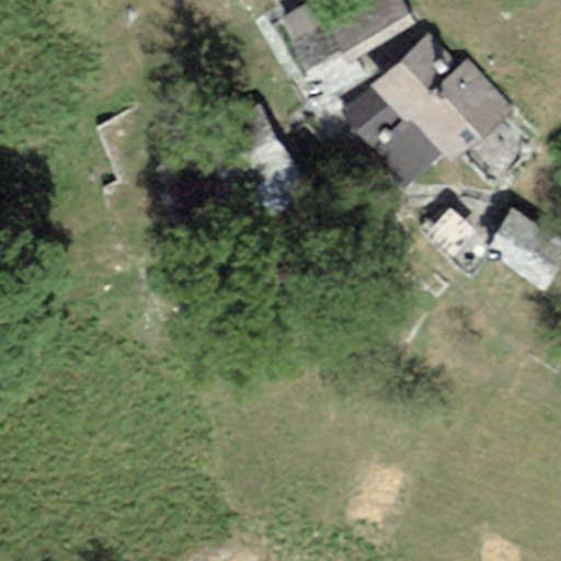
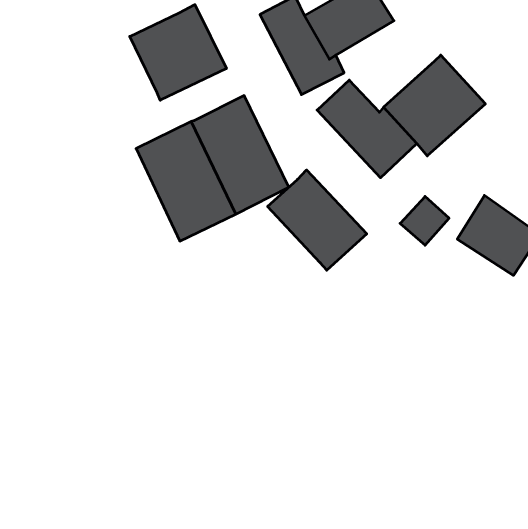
building: none -> [130,5,226,100]
building: [371,31,461,118] -> none
building: none -> [268,170,367,270]

